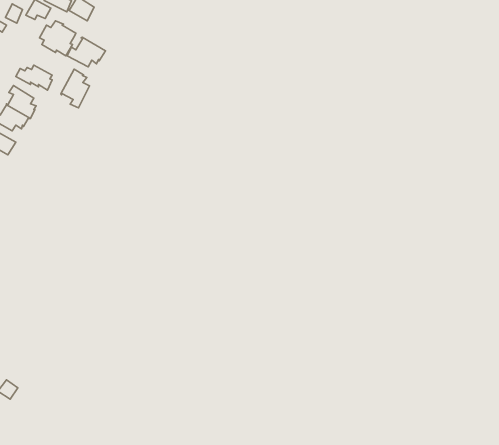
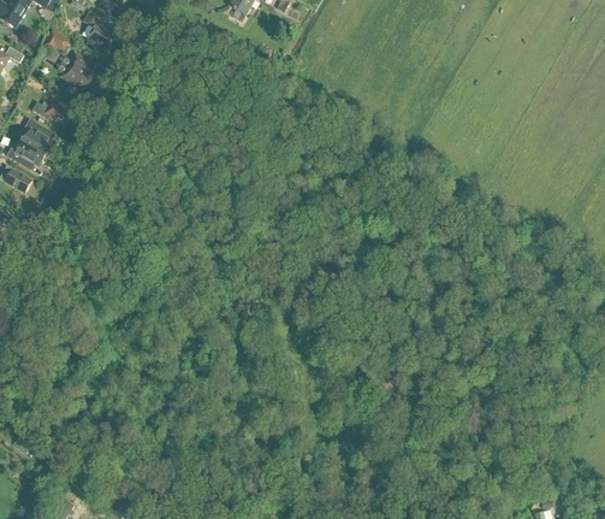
building: [67,37,106,67] -> none
building: [61,69,89,108] -> none

